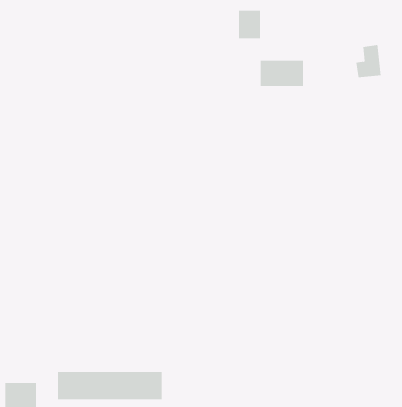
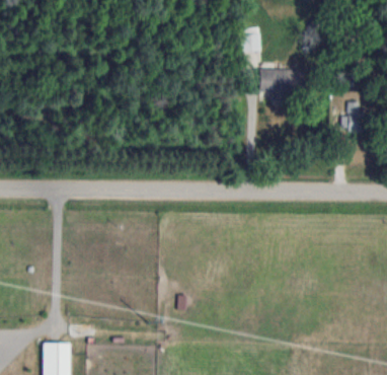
building: [355,45,382,78] -> [340,101,363,130]
building: [57,371,162,400] -> none

